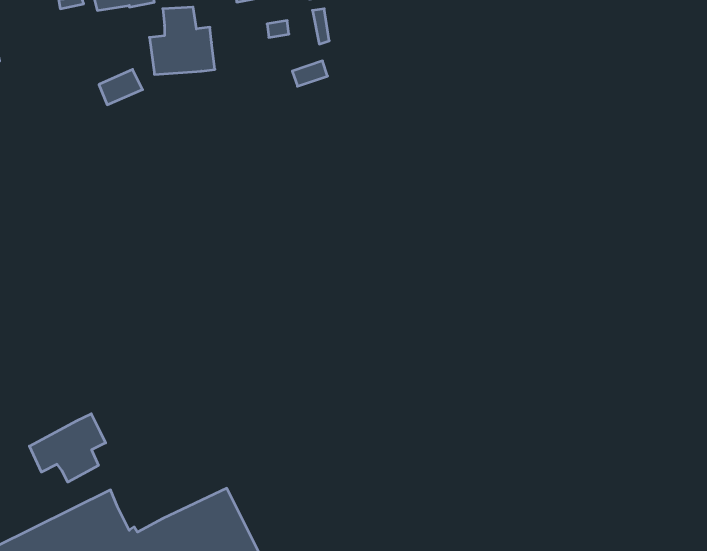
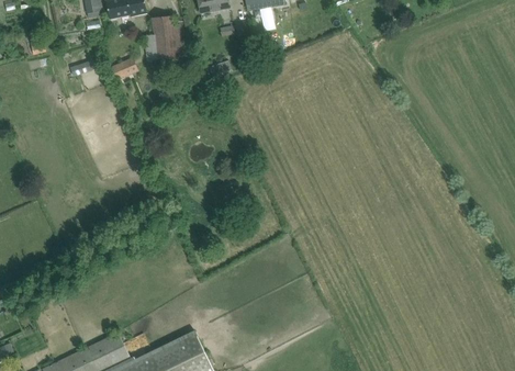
building: [29,414,106,482] -> none

